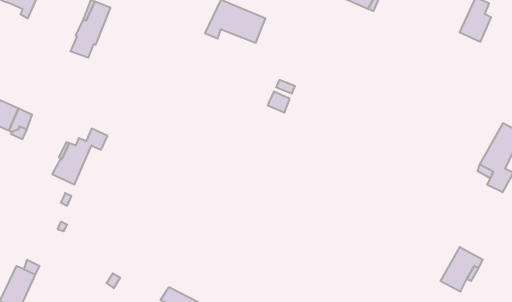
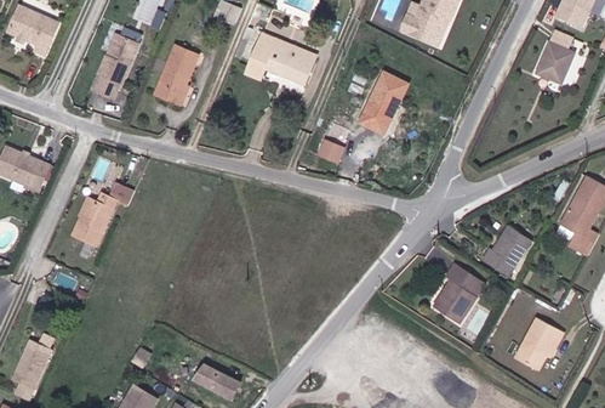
building: none -> [155,45,198,104]
building: none -> [360,72,409,132]
building: none -> [485,226,530,272]
building: none -> [433,262,486,323]

